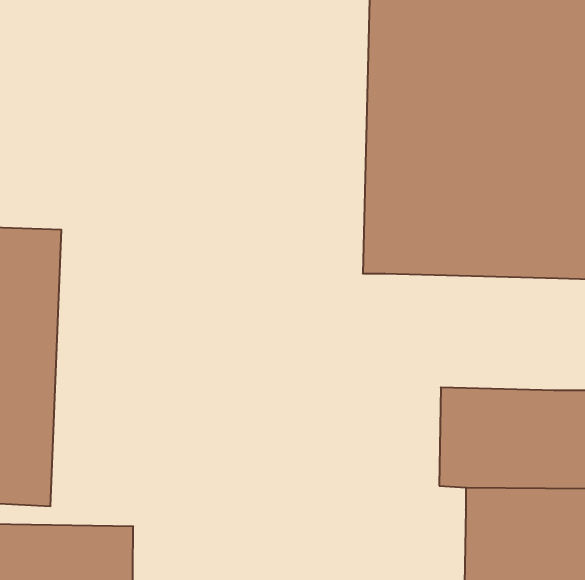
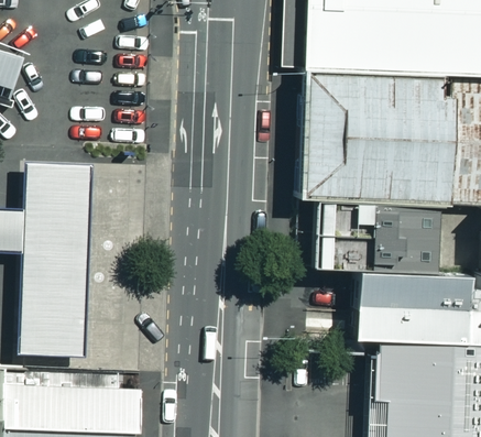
building: none -> [315,194,439,276]

